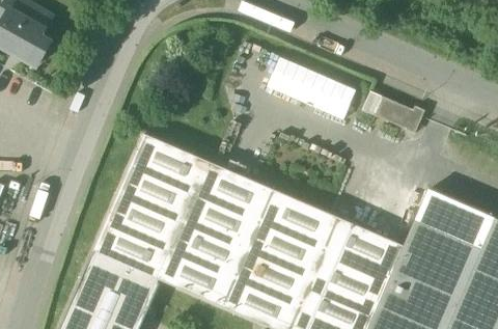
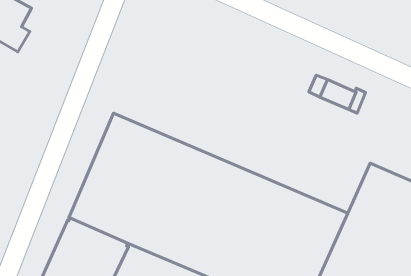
building: [269,59,358,121] -> none

